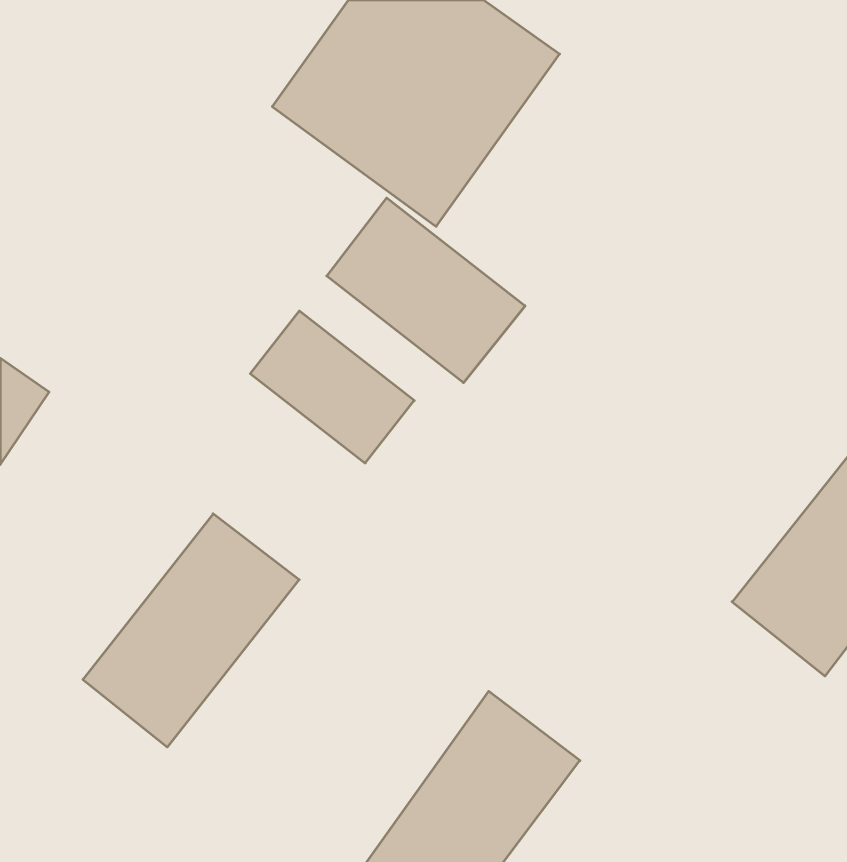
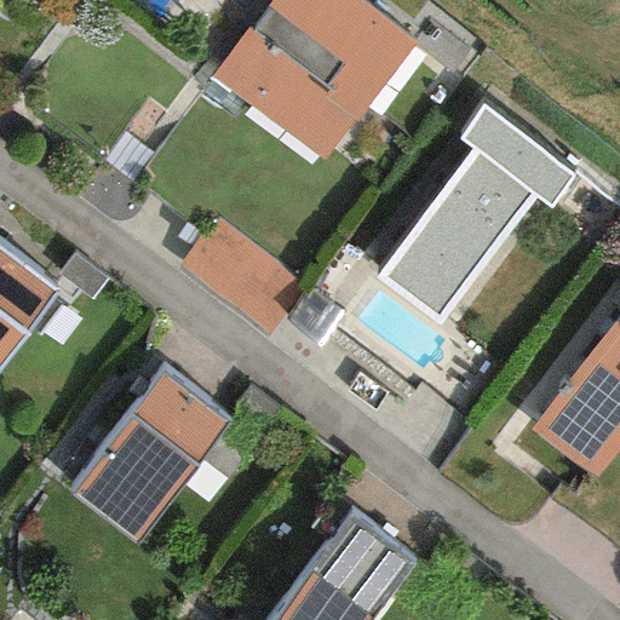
building: none -> [374,93,582,318]
building: [327,198,525,383] -> none

